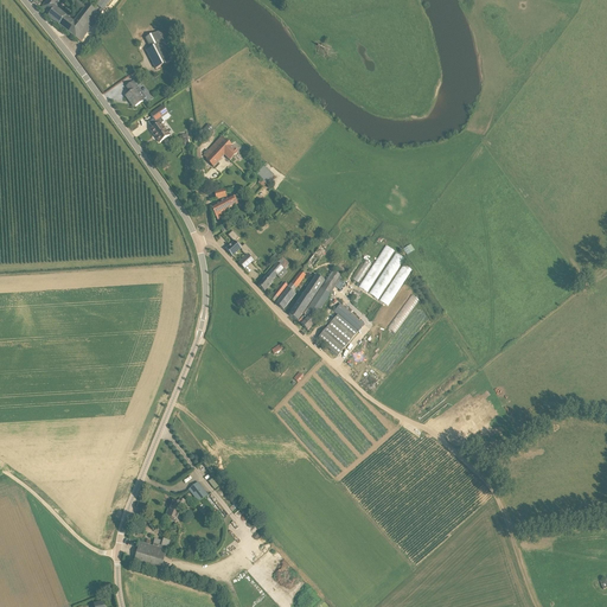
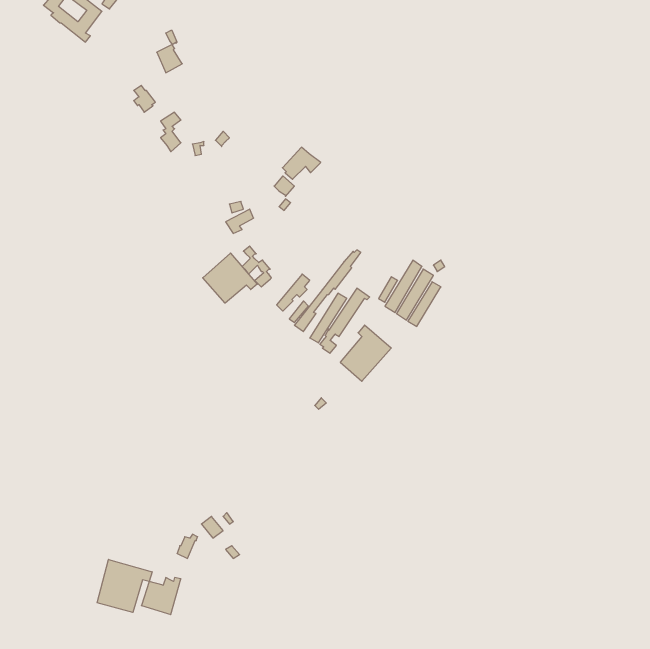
building: [203,135,238,165] -> [282,147,321,179]
building: none -> [203,253,257,303]
building: none -> [97,559,152,612]

